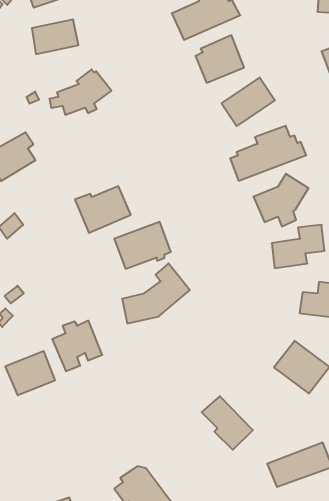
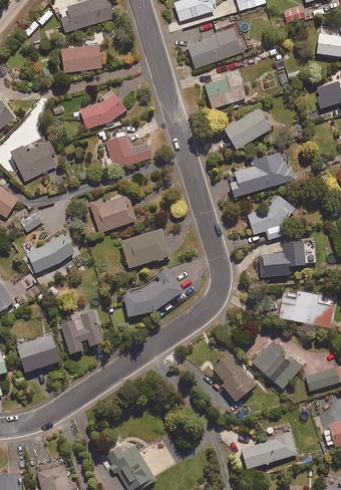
building: none -> [105,131,151,169]
building: none -> [26,233,74,273]
building: [202,396,253,450] -> [211,352,255,401]

